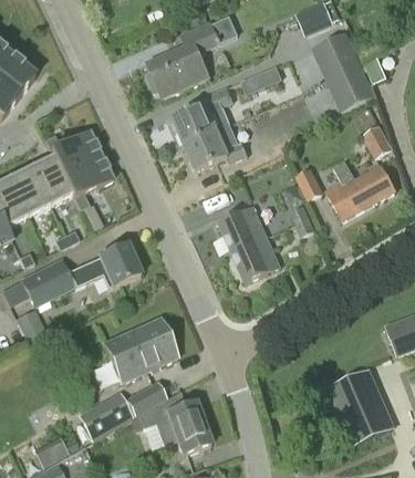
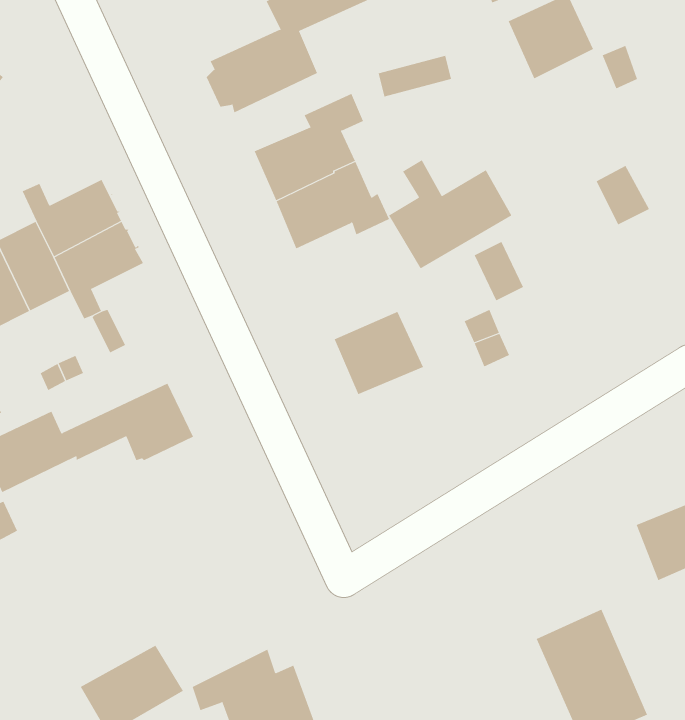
building: [329,60,376,107] -> none
building: [326,159,395,220] -> [388,159,512,269]
building: [231,236,281,282] -> none
building: [103,318,177,382] -> none
building: [125,380,168,415] -> none

